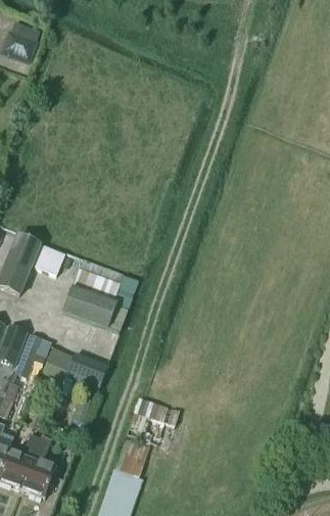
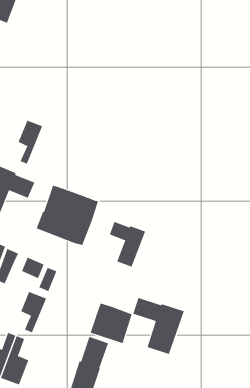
building: none -> [18,120,43,164]
building: none -> [109,221,146,268]
building: none -> [20,291,47,333]
building: none -> [133,297,184,355]

